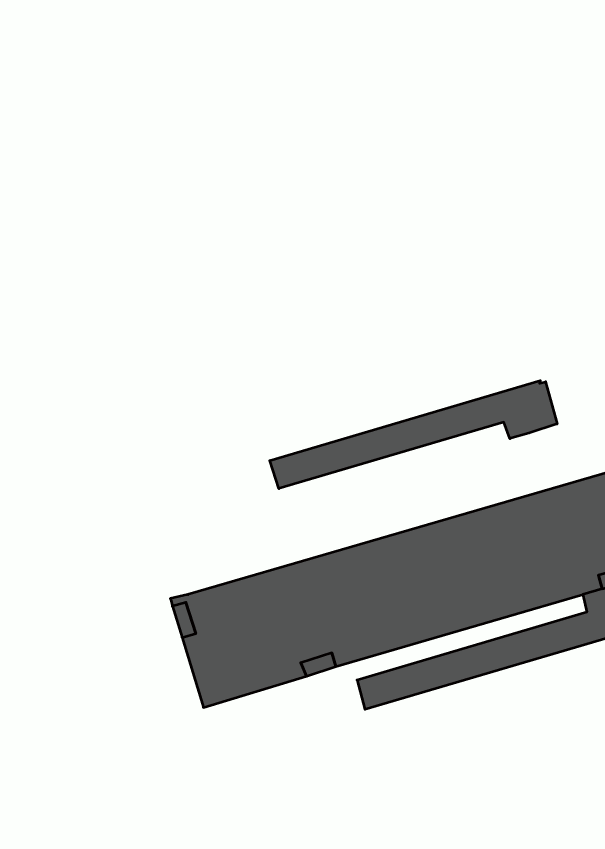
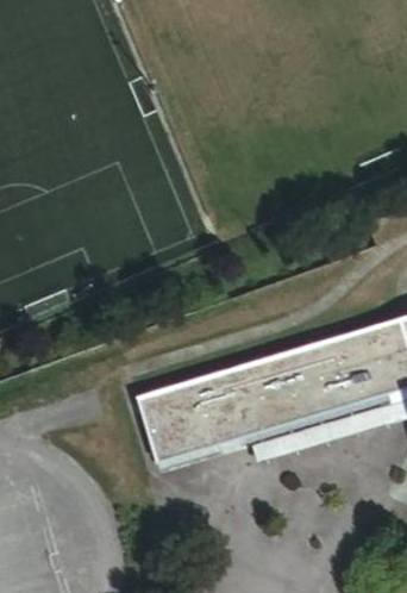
building: [270,381,557,489] -> none

